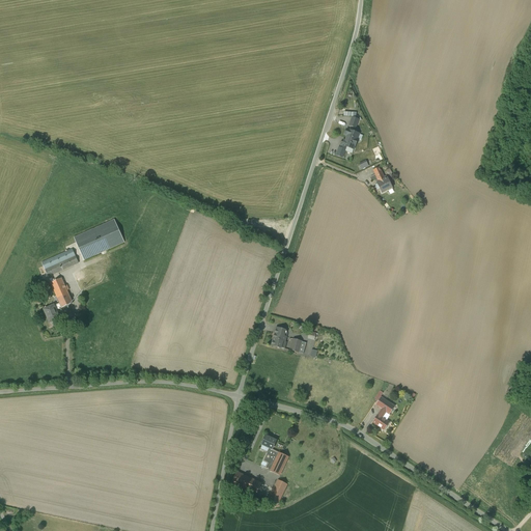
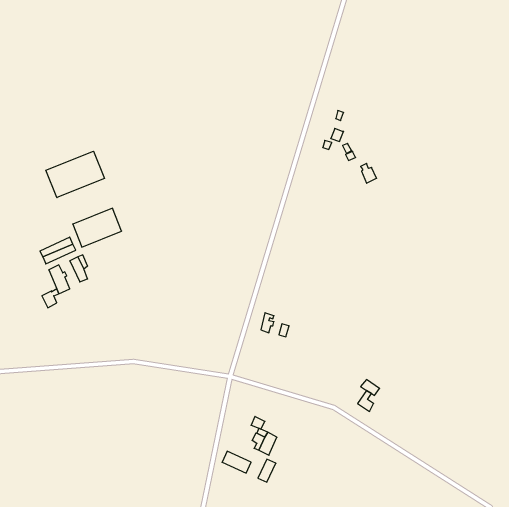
building: none -> [46,151,104,198]

